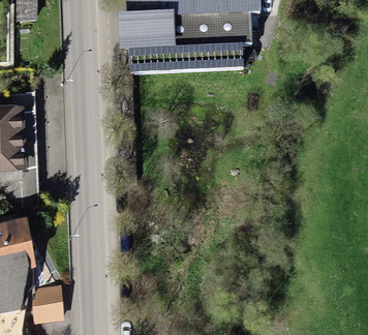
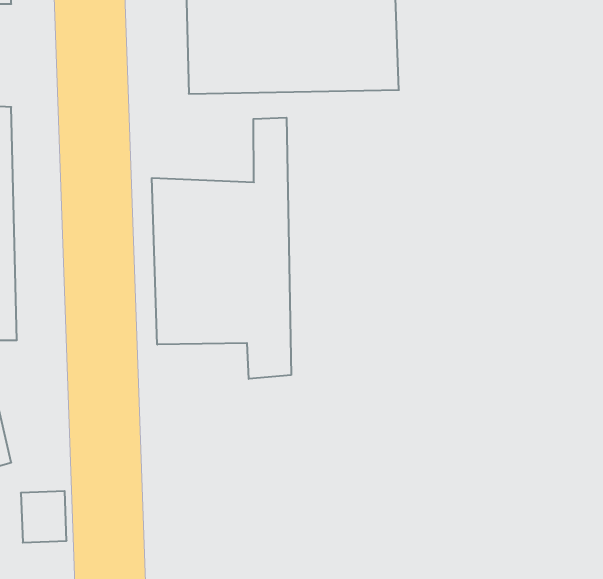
building: none -> [152,118,291,379]

